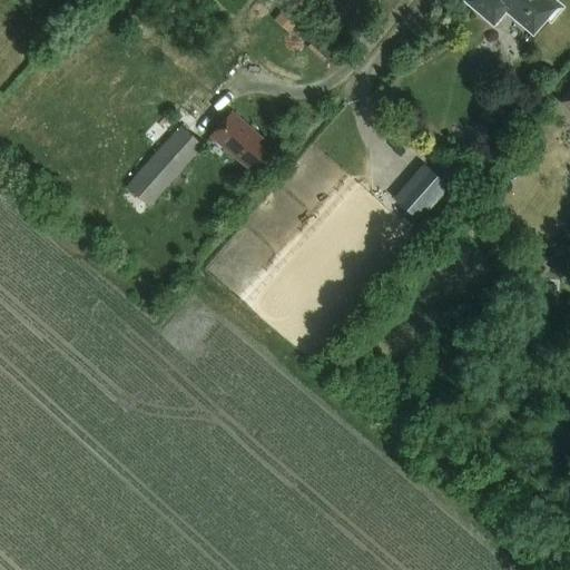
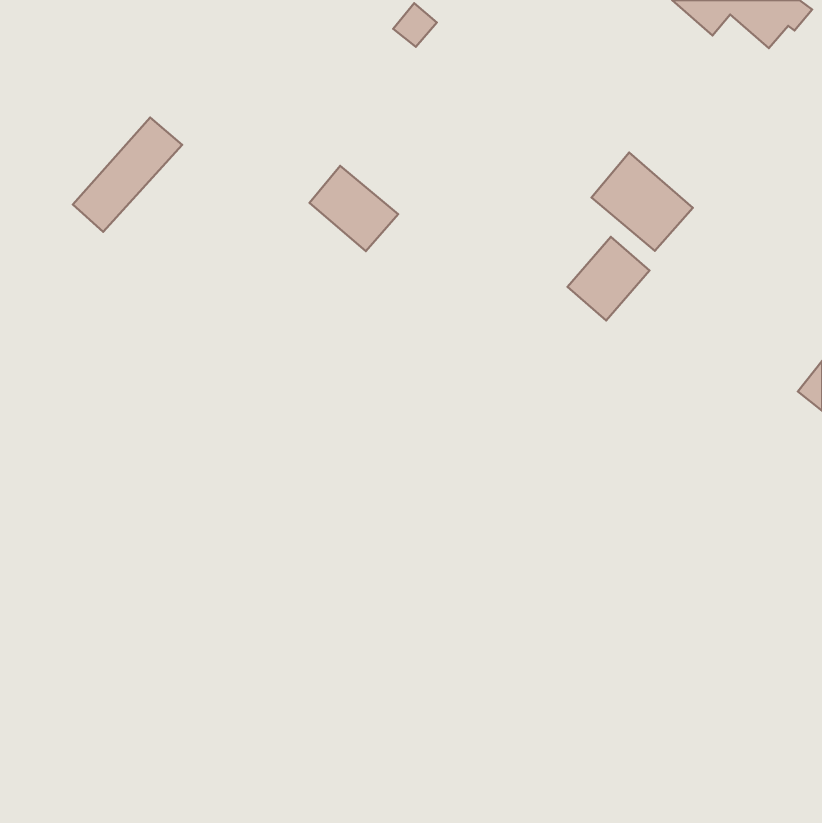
building: none -> [591,152,693,251]
building: [125,127,200,206] -> [73,118,182,232]

